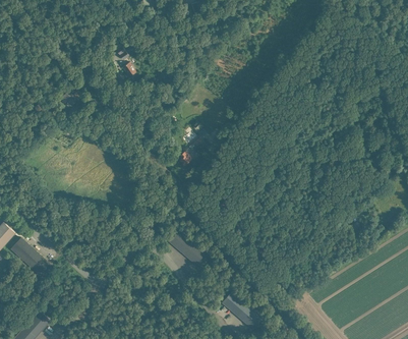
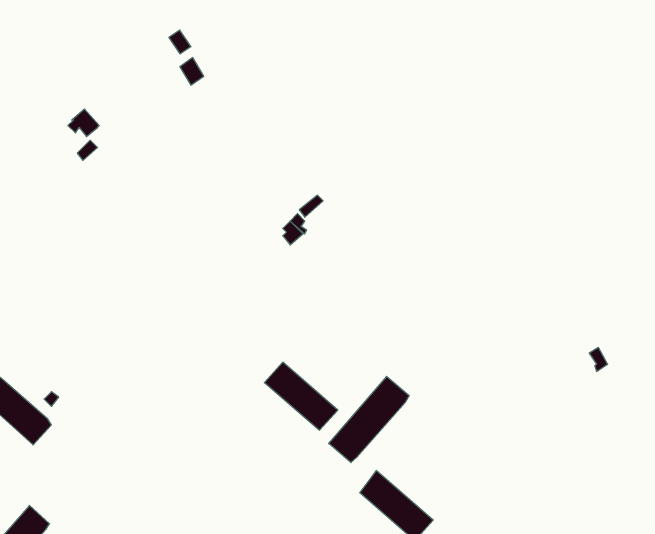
building: none -> [329,376,409,463]

